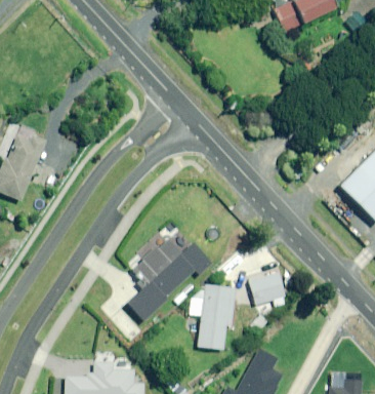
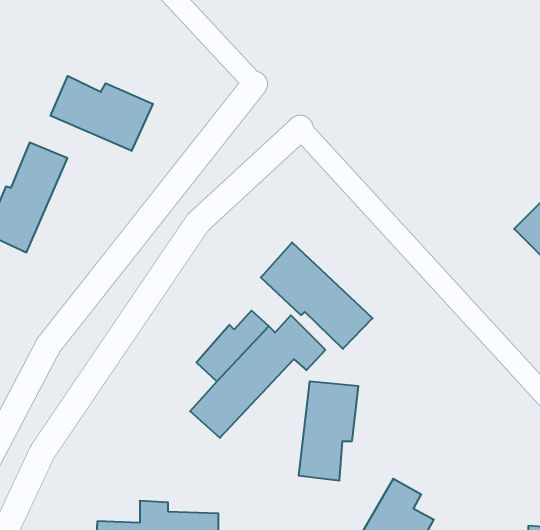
building: none -> [50,76,153,151]
building: none -> [261,242,373,349]
building: [248,271,288,310] -> none

